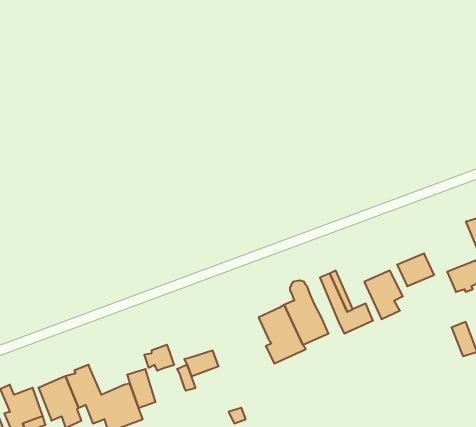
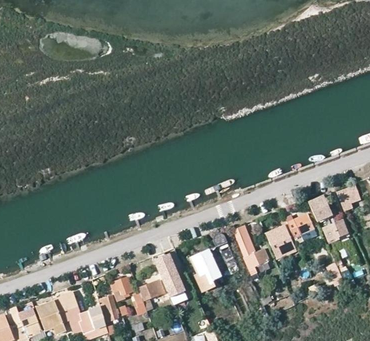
building: none -> [308,194,333,221]
building: none -> [154,252,186,296]

